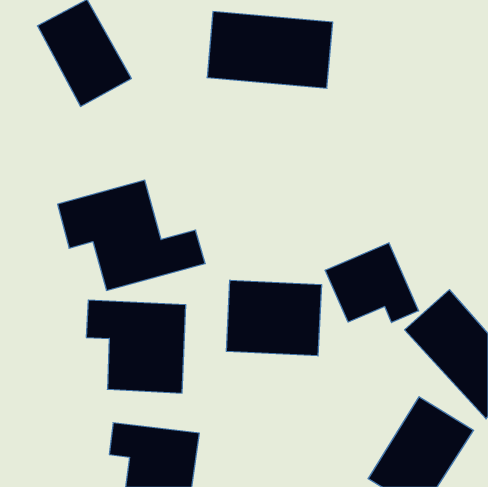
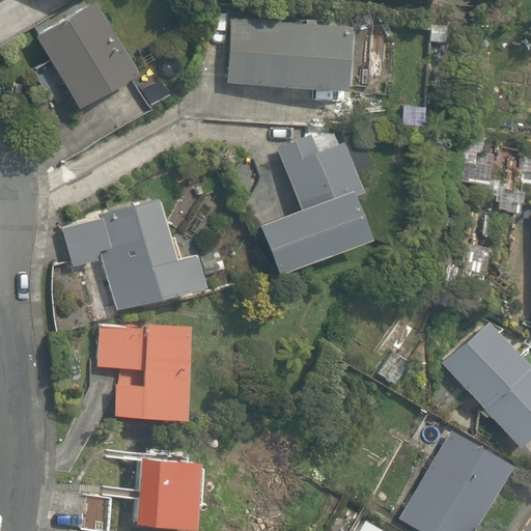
building: none -> [259,125,382,280]
building: [325,243,419,323] -> none
building: [226,280,322,356] -> none

